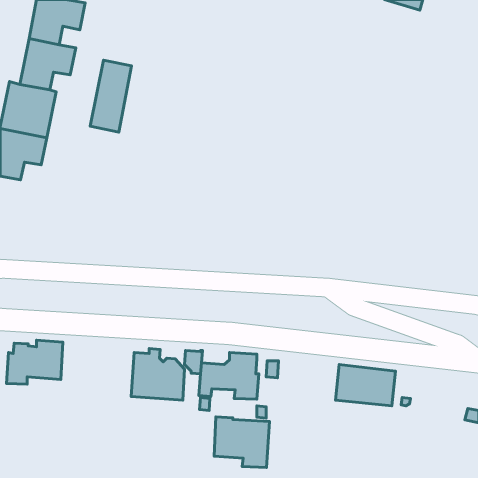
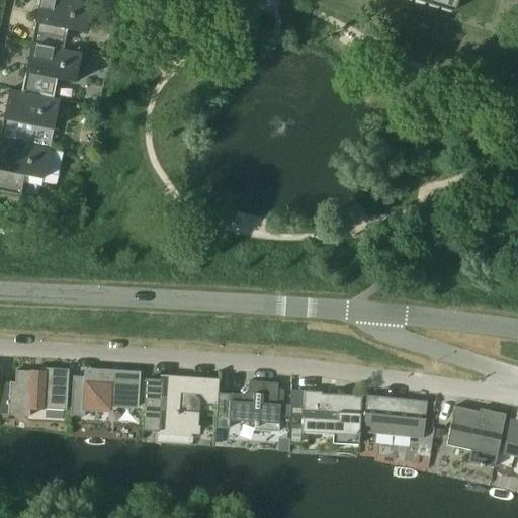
building: [90,60,132,132] -> none
building: none -> [71,370,139,416]
building: none -> [446,406,506,467]
building: [214,417,269,467] -> [303,390,362,444]

